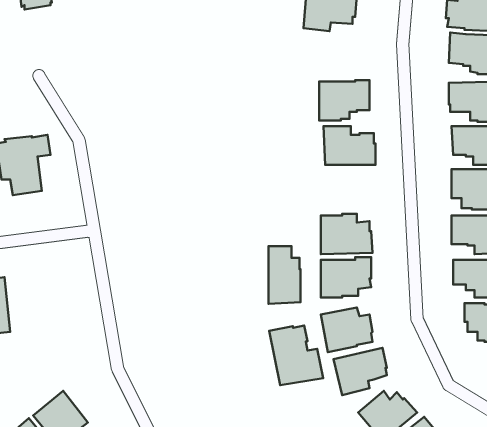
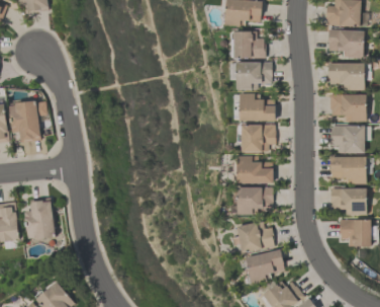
building: none -> [234,31,266,59]
building: none -> [242,125,276,153]
building: [269,246,301,304] -> none
building: none -> [23,197,55,240]
building: [269,326,323,385] -> none

